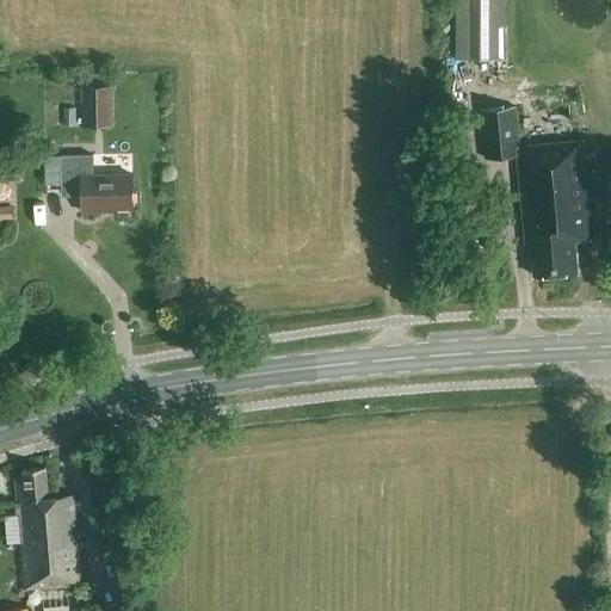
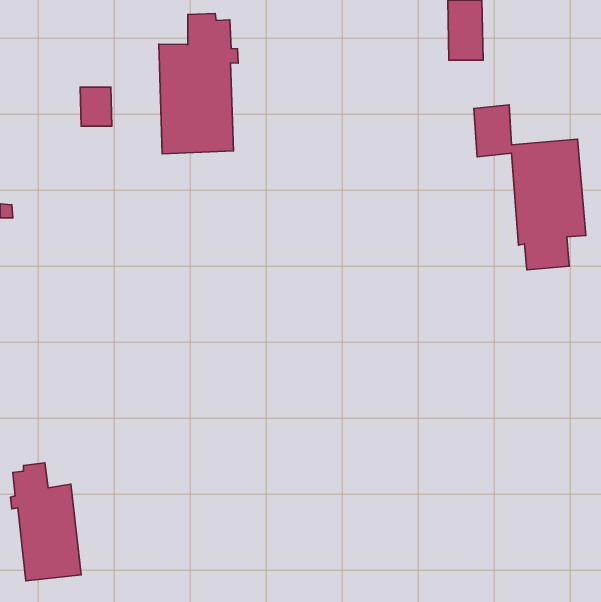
building: none -> [159,13,238,154]
building: [62,155,134,212] -> none

